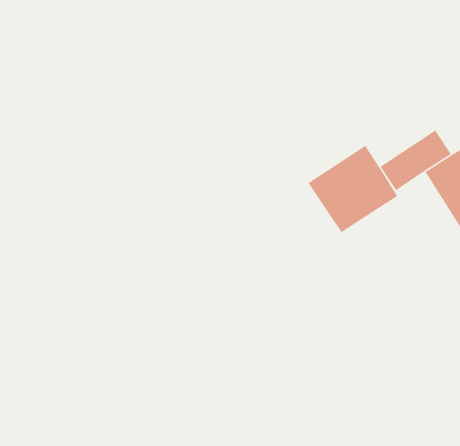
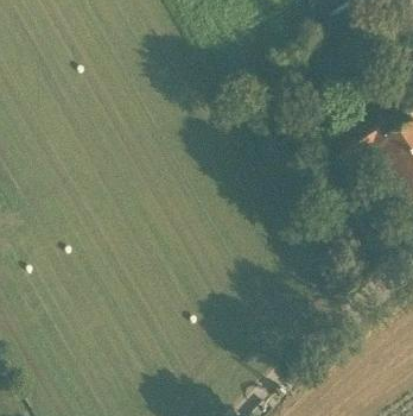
building: [308,145,398,233] -> none

